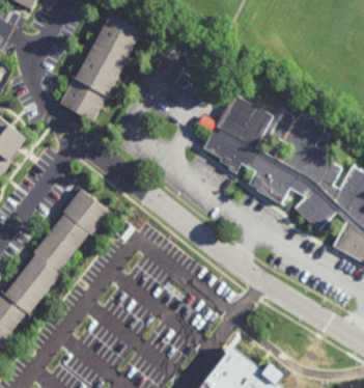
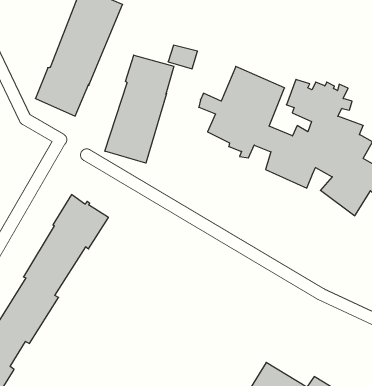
building: none -> [105,55,174,163]

